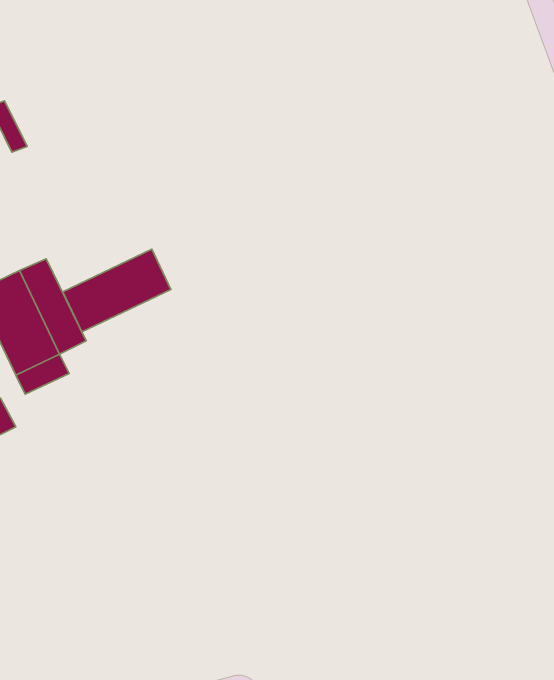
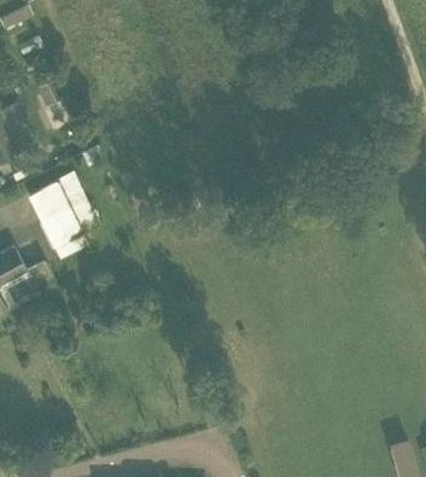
building: [63,249,171,332] -> none

